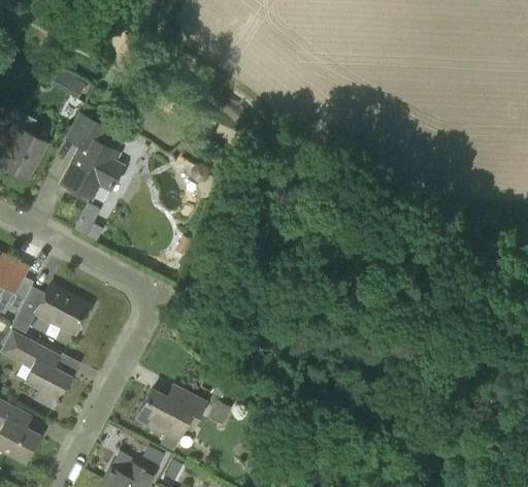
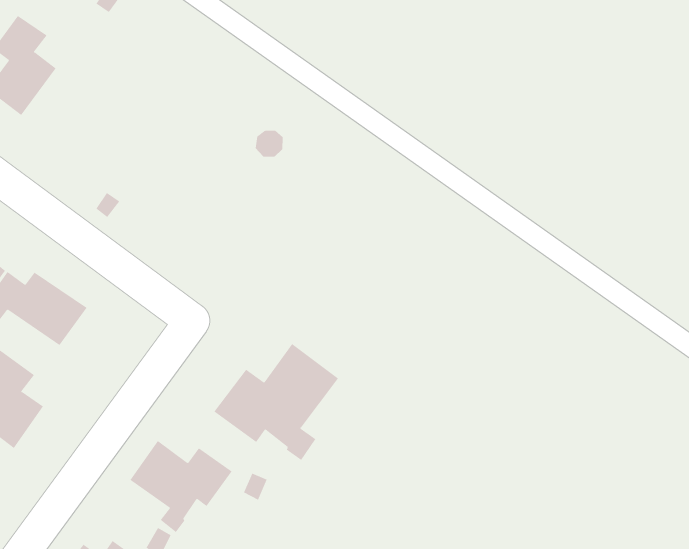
building: [61,113,119,198] -> none
building: none -> [214,343,339,461]

